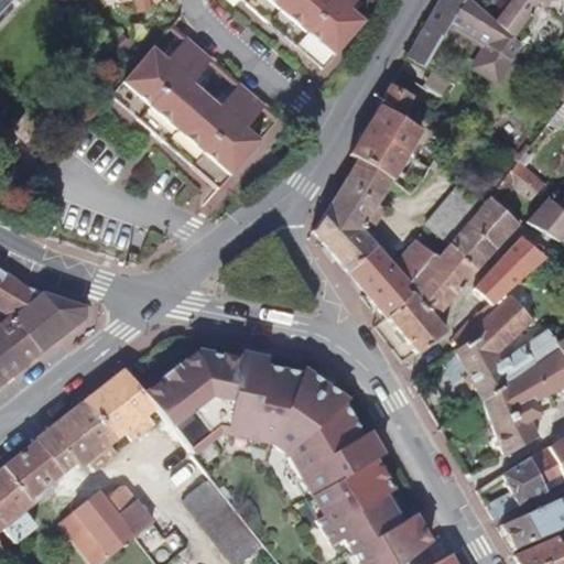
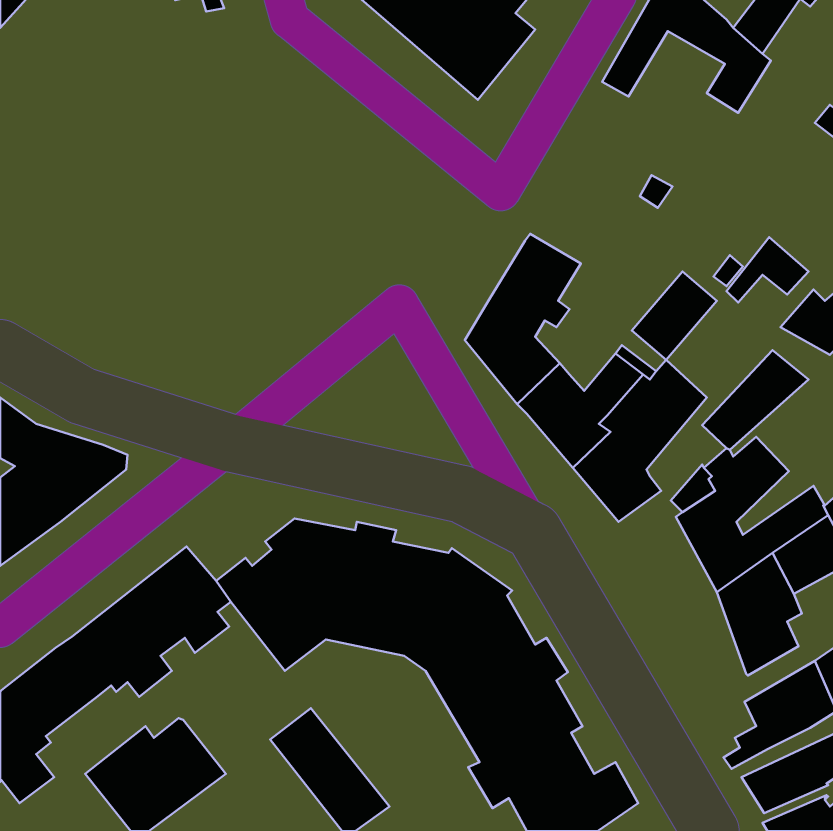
building: [118,35,268,187] -> none
building: [350,83,422,178] -> none
building: [451,196,520,268] -> none

